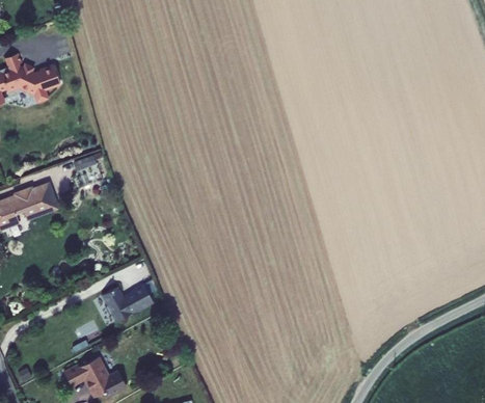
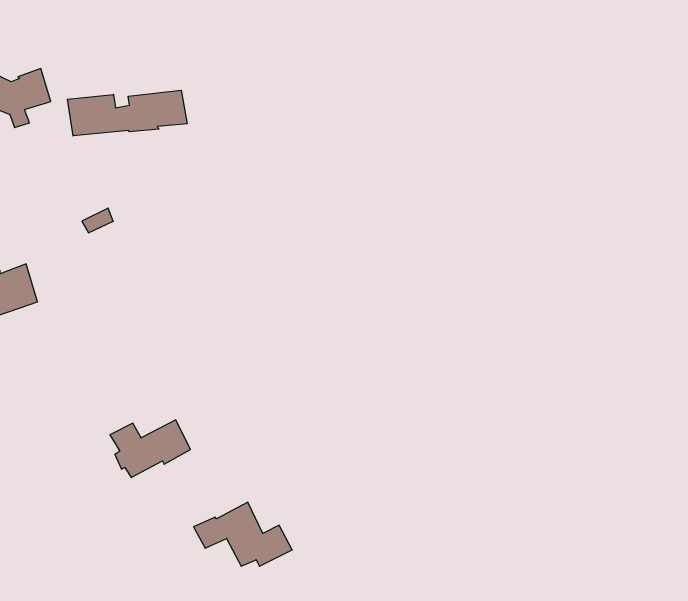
building: none -> [67,90,187,136]
building: [62,355,125,396] -> [194,502,292,566]

